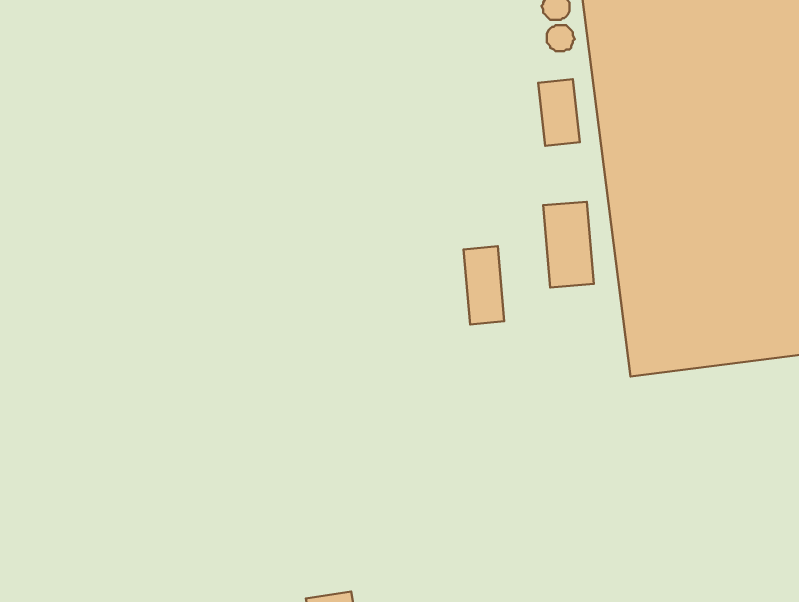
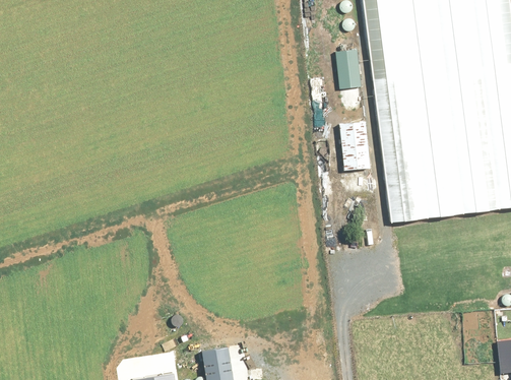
building: [464,246,504,325] -> none

